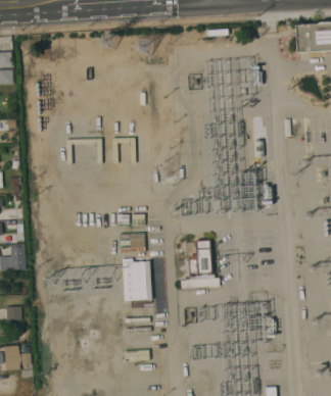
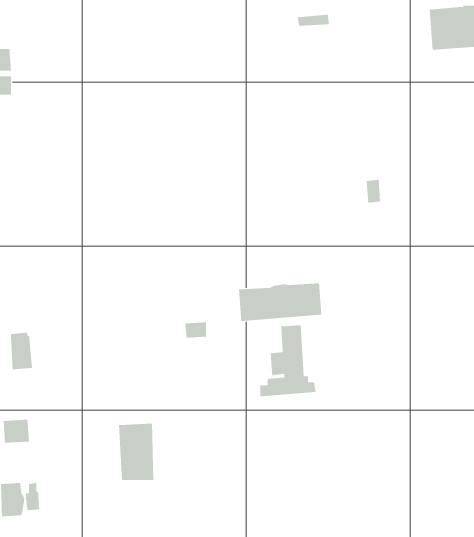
building: none -> [238,283,322,322]
building: [121,261,145,300] -> [118,423,154,480]

